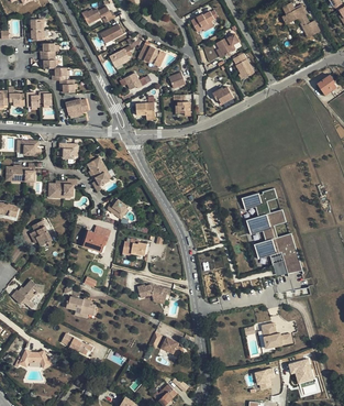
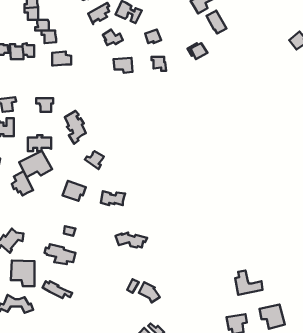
building: [242,188,301,275] -> none
building: none -> [19,151,52,177]
building: none -> [11,260,34,286]

